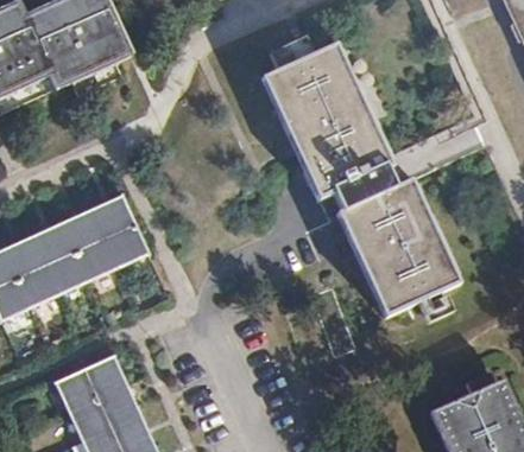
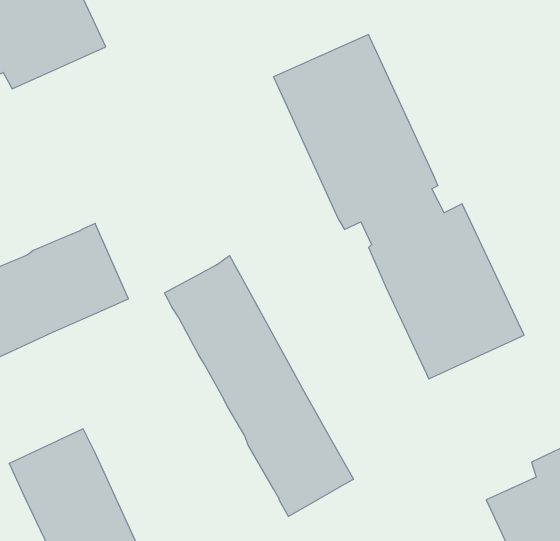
building: none -> [165,256,353,516]

